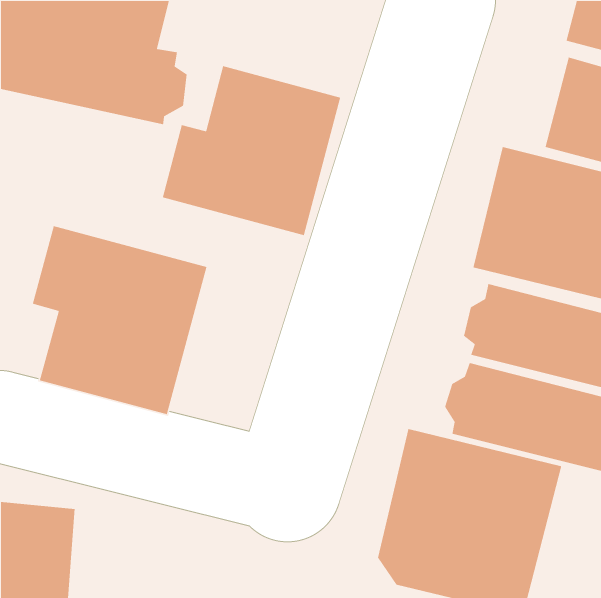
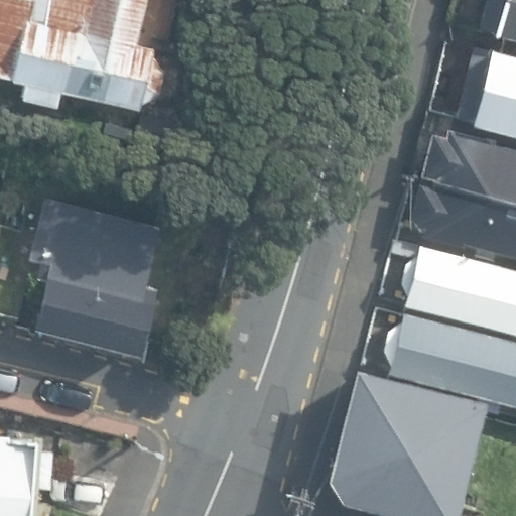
building: [162,65,341,236] -> none

